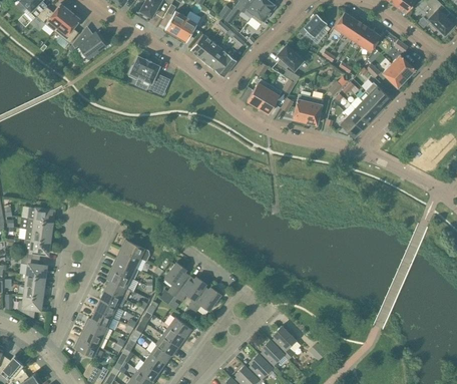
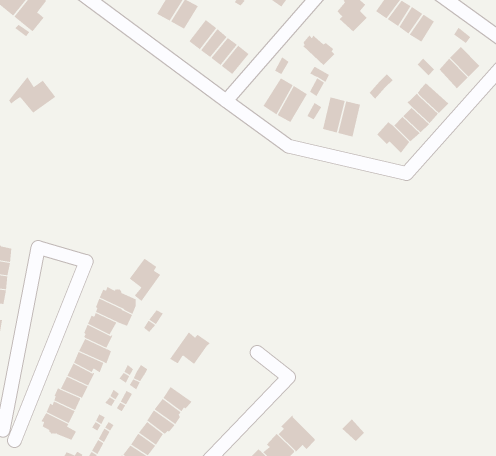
building: [69,29,106,58] -> [8,76,56,114]
building: [128,56,169,94] -> none
building: [164,262,189,296] -> [129,258,161,302]
building: [184,286,220,315] -> none
building: [271,326,296,358] -> none

